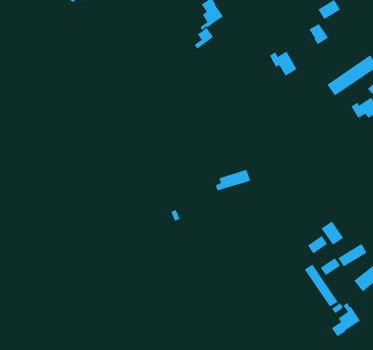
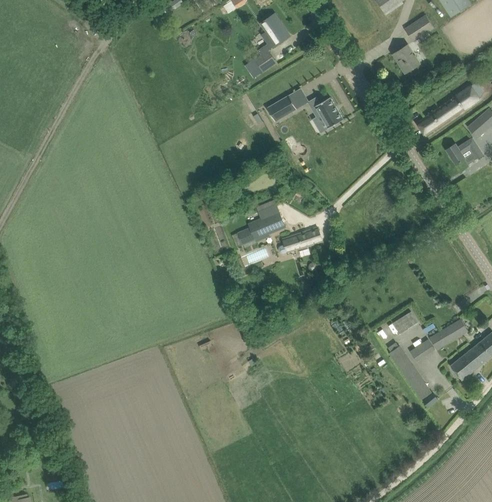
building: [269,51,297,76] -> [308,96,343,128]
building: none -> [267,95,296,121]
building: none -> [232,199,285,247]
building: [321,221,344,246] -> none
building: [331,302,361,337] -> none

